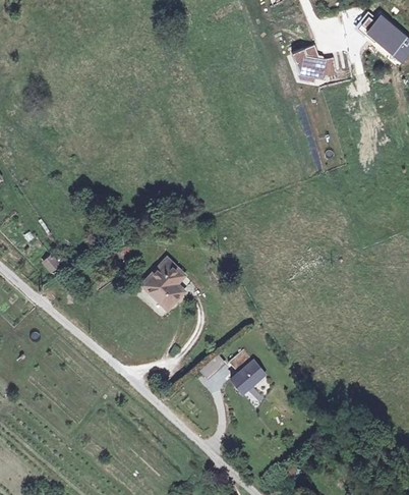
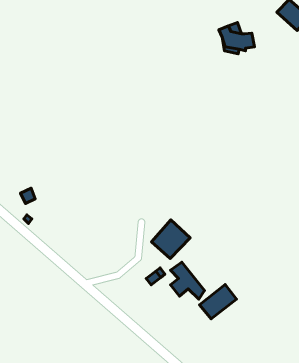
building: [144,262,193,311] -> [152,220,190,259]
building: none -> [200,285,237,319]

